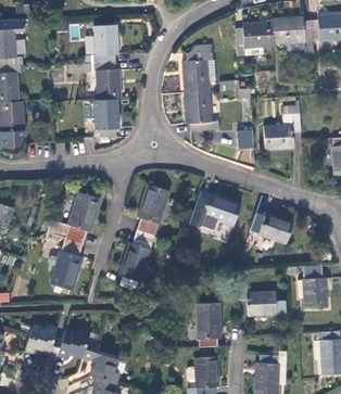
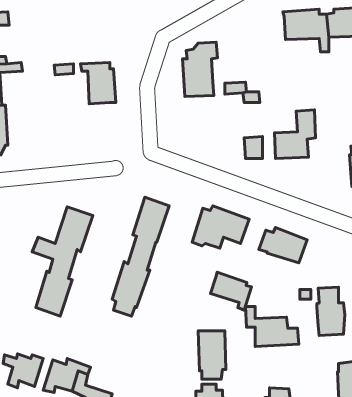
building: [235,22,274,55] -> none
building: [90,24,118,64] -> none
building: [184,92,217,130] -> none
building: [93,99,119,137] -> none
building: none -> [210,272,251,310]

